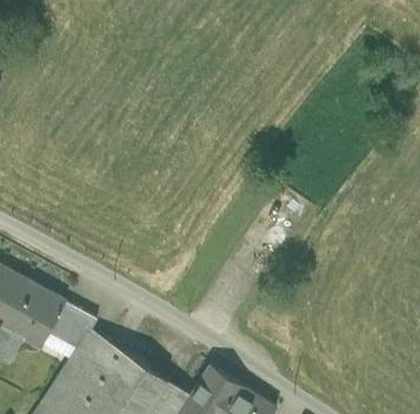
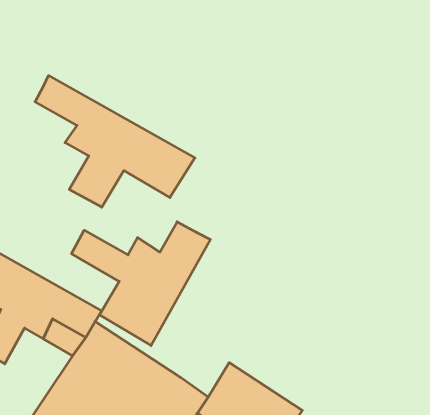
building: none -> [35,76,195,207]
building: none -> [72,222,210,346]

